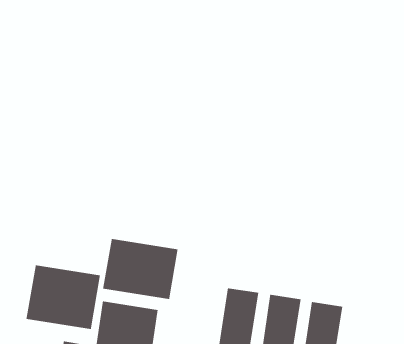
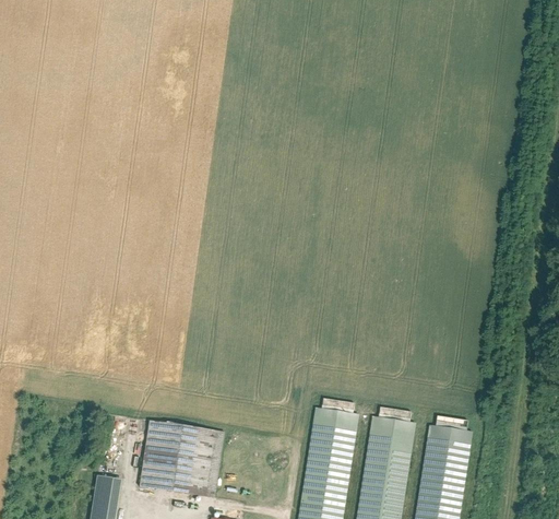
building: [103,238,178,300] -> none
building: [26,265,101,330] -> none

